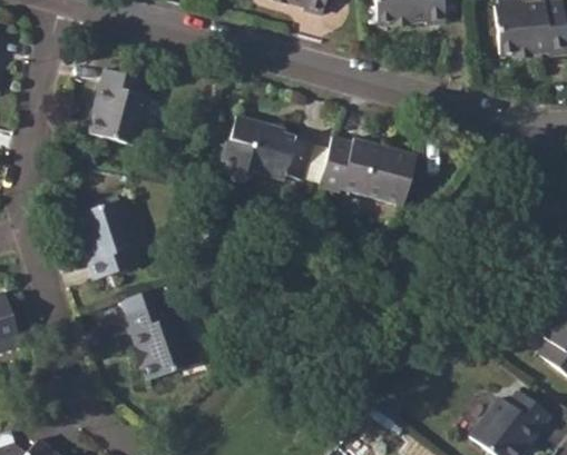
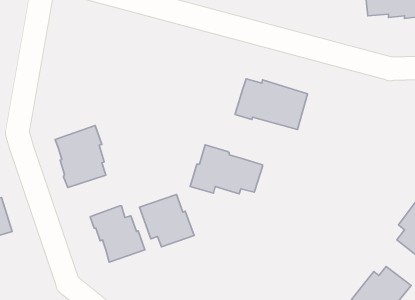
building: [87,72,145,149] -> none
building: [216,117,313,182] -> [190,145,262,194]
building: none -> [140,194,194,247]

